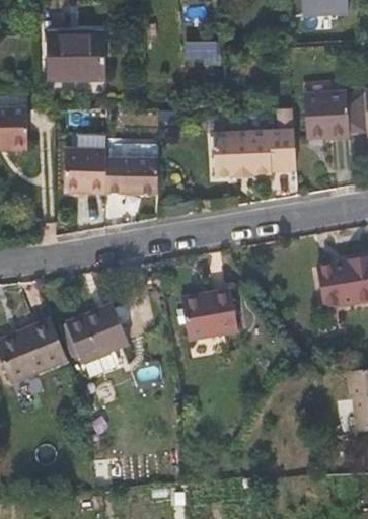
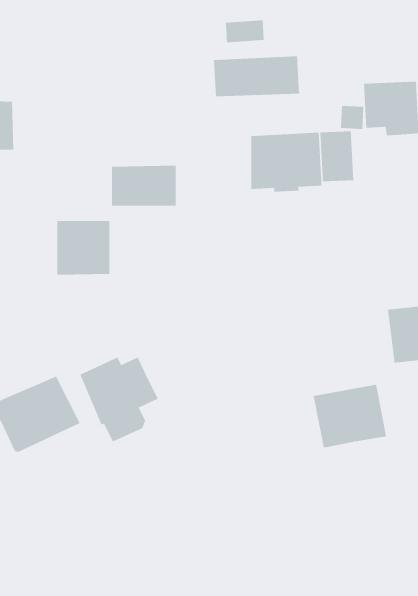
building: [46,30,100,78] -> none
building: none -> [214,55,299,97]
building: [55,145,97,189] -> [57,220,110,275]
building: [182,291,241,342] -> [313,384,387,448]

